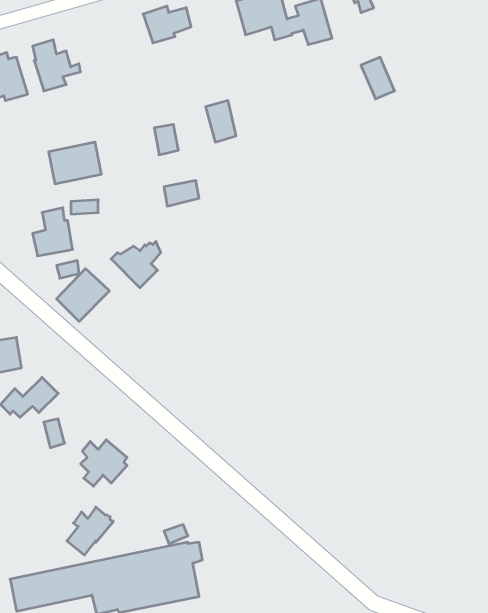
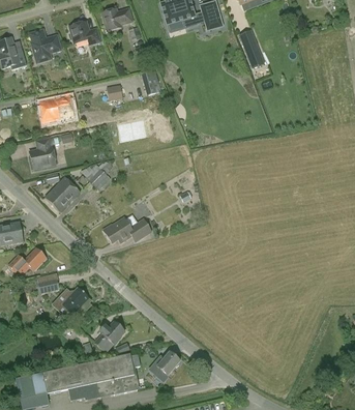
building: none -> [70,22,101,45]
building: none -> [103,217,151,242]
building: [67,507,113,555] -> [95,321,125,352]
building: none -> [148,351,181,382]

